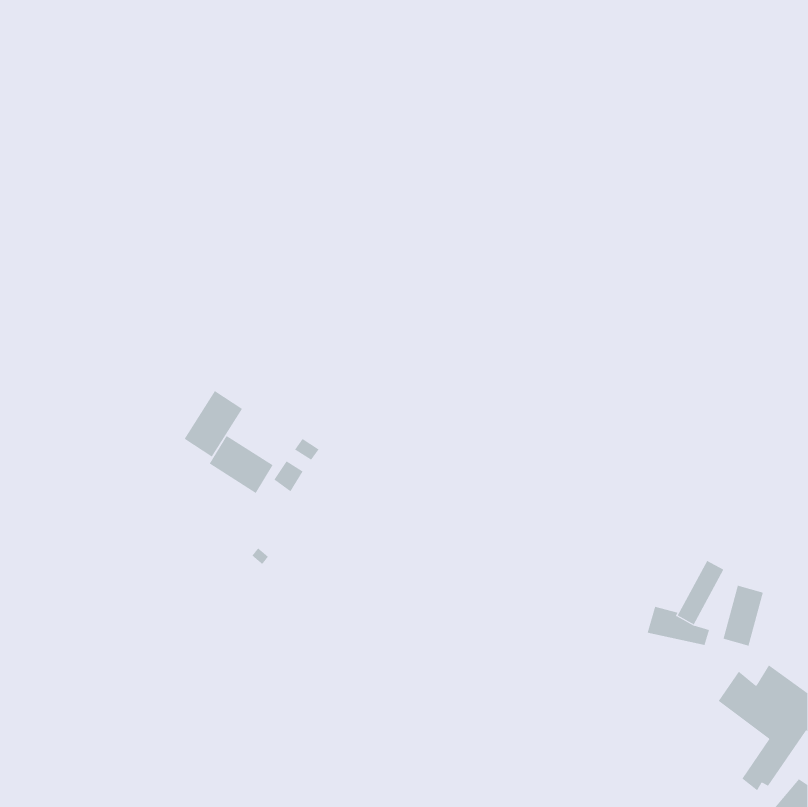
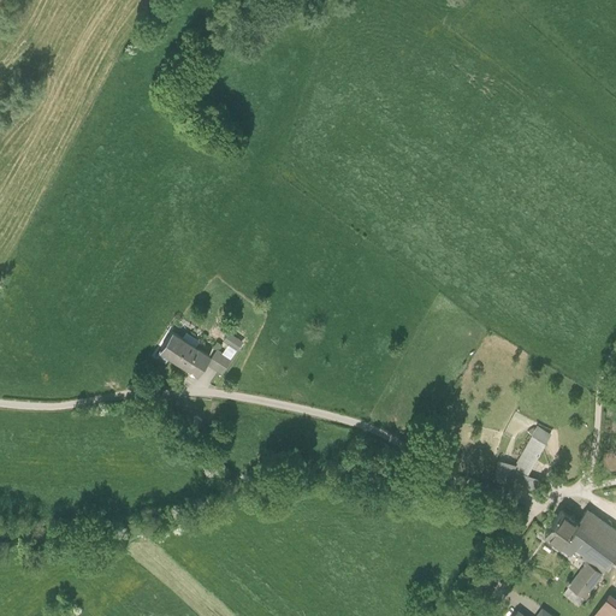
building: [184,390,243,458] -> none
building: [723,585,763,647] -> none

